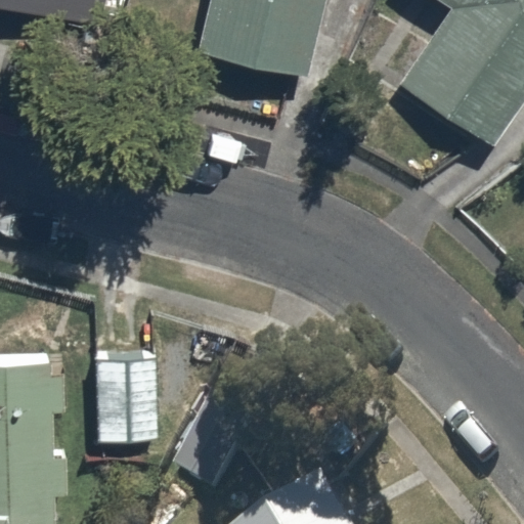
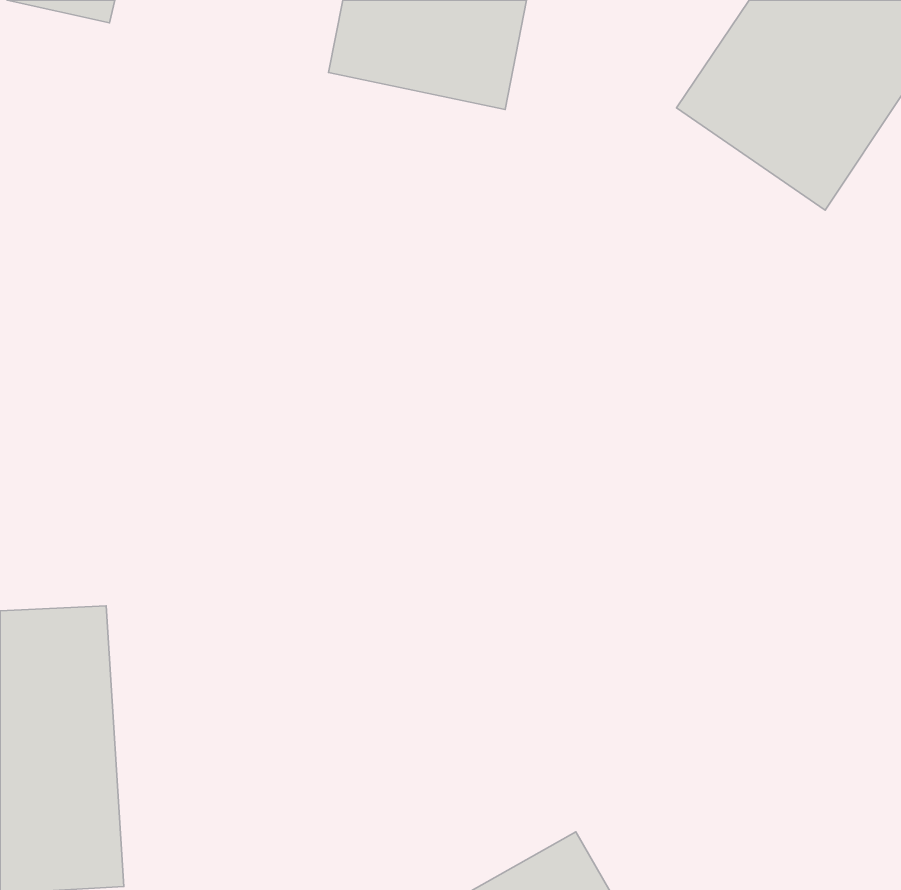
building: [90,354,158,451] -> none

